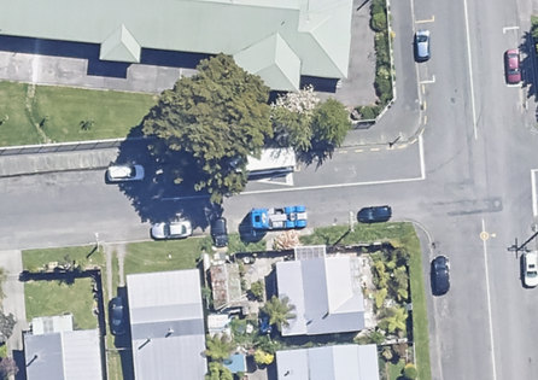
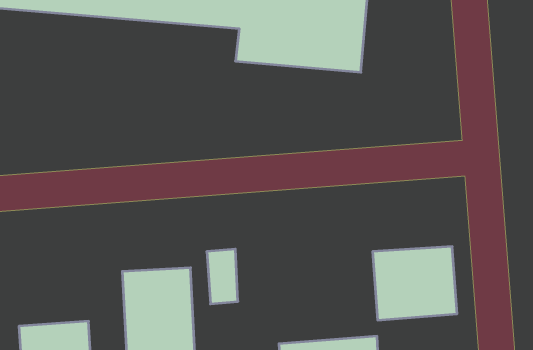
building: [276,261,358,332] -> [373,247,457,320]

